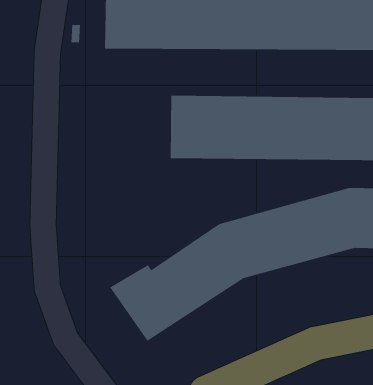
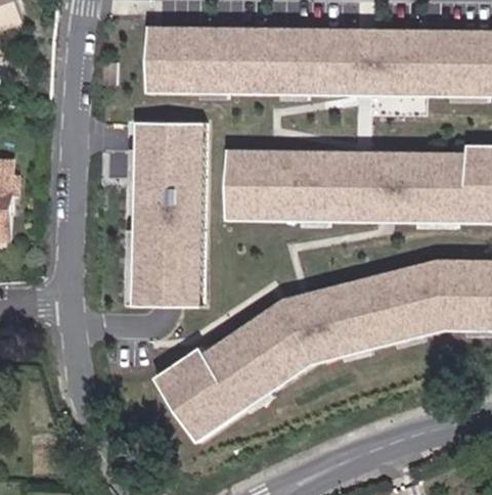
building: none -> [132,121,205,308]

